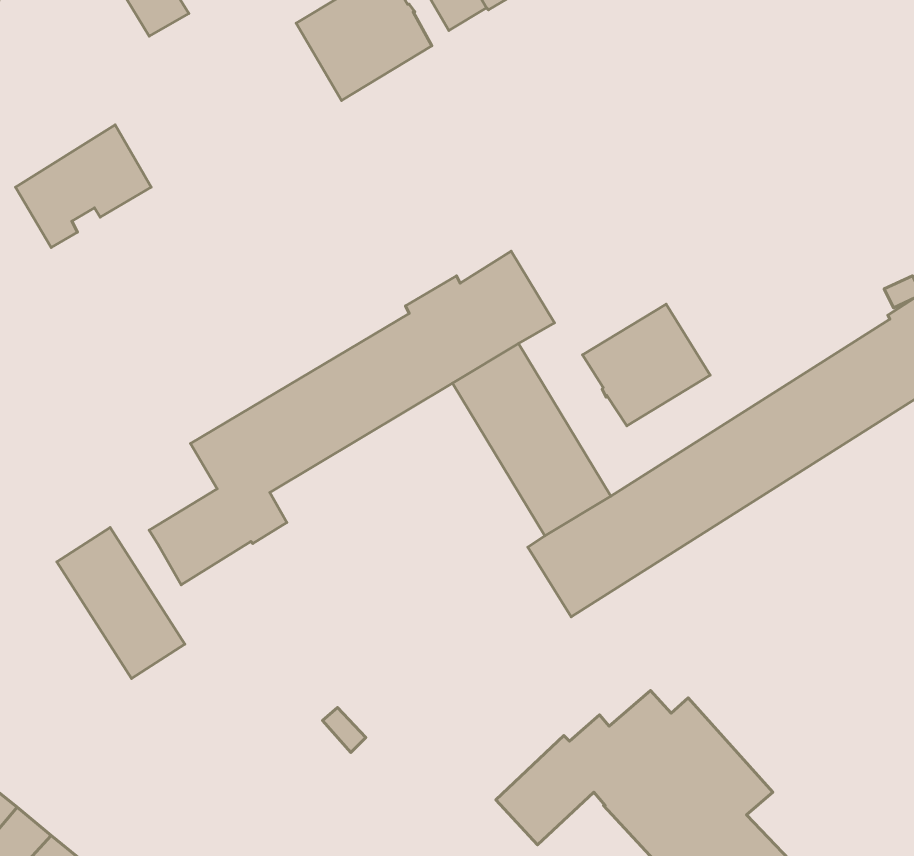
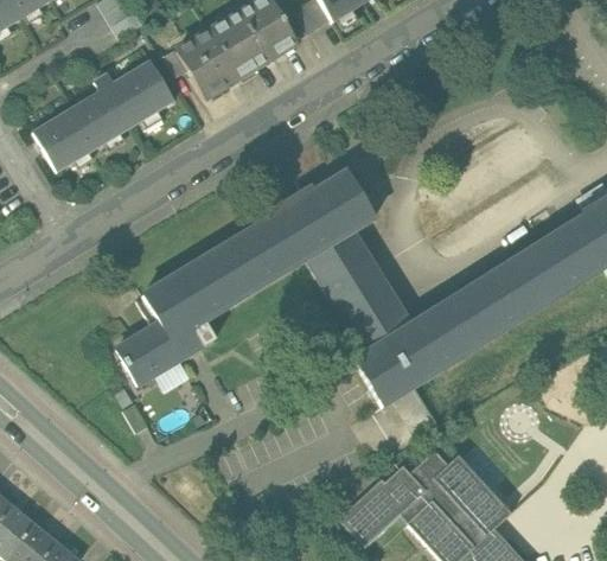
building: none -> [177,28,239,97]
building: none -> [95,60,173,123]
building: [583,304,710,426] -> none
building: [57,527,185,678] -> none

